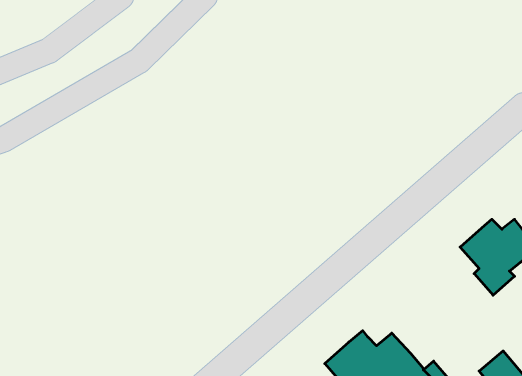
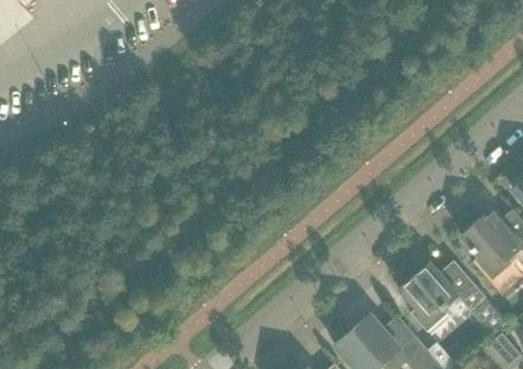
building: none -> [399,259,485,331]

